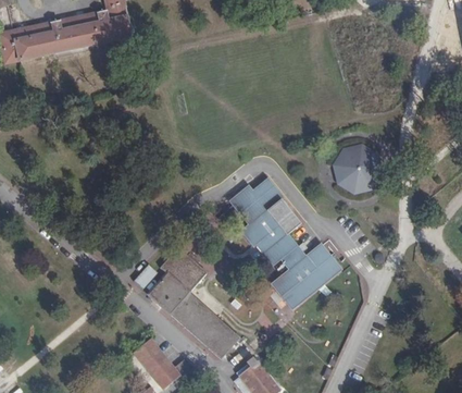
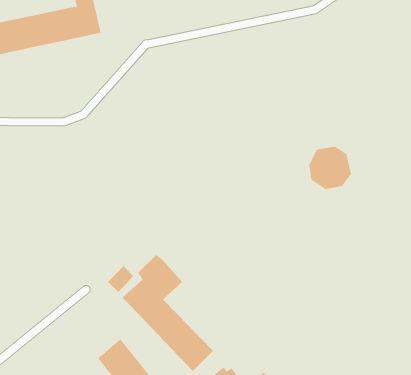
building: [227,179,339,308] -> none

